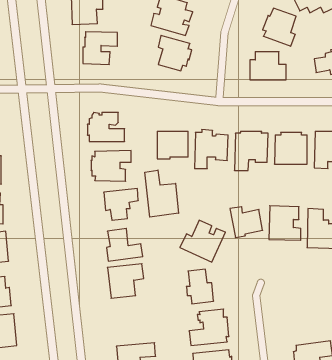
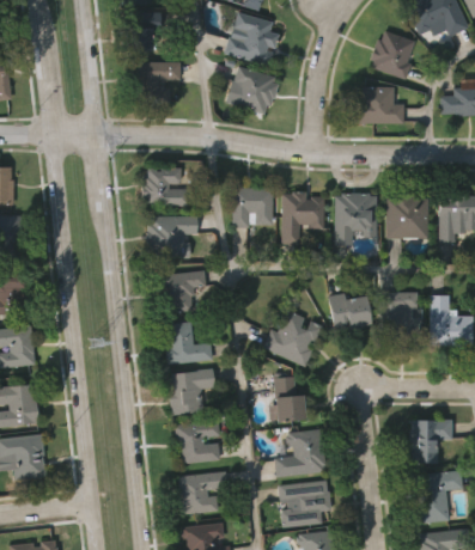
building: [145,170,179,217] -> none
building: none -> [175,417,220,462]
building: none -> [409,418,451,462]

